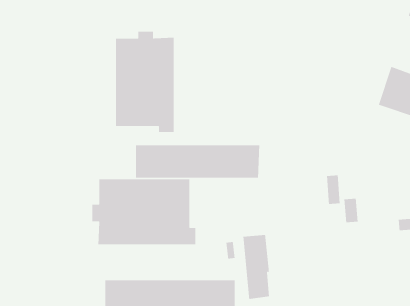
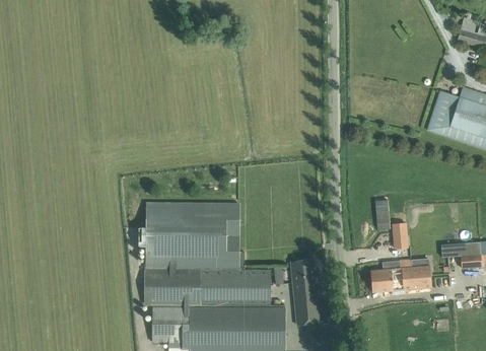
building: [115,31,174,133] -> none
building: [135,144,260,179] -> [145,269,271,303]
building: none -> [370,258,432,290]

